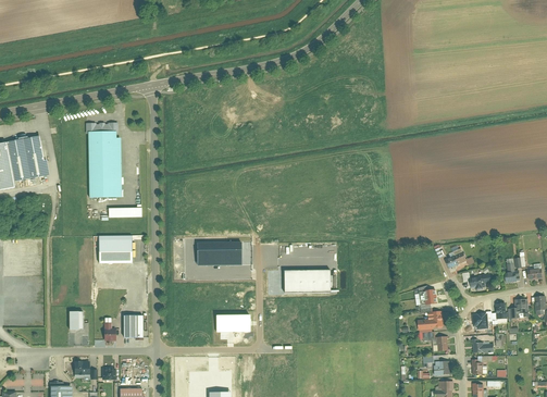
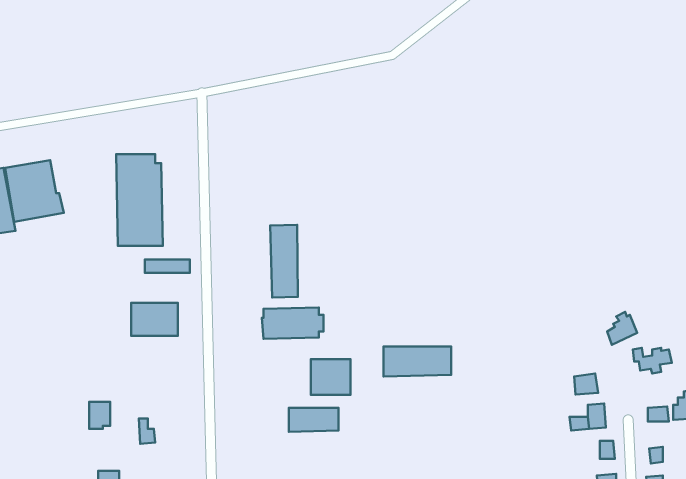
building: none -> [270,225,298,297]
building: none -> [311,359,350,395]
building: [124,314,144,337] -> none

